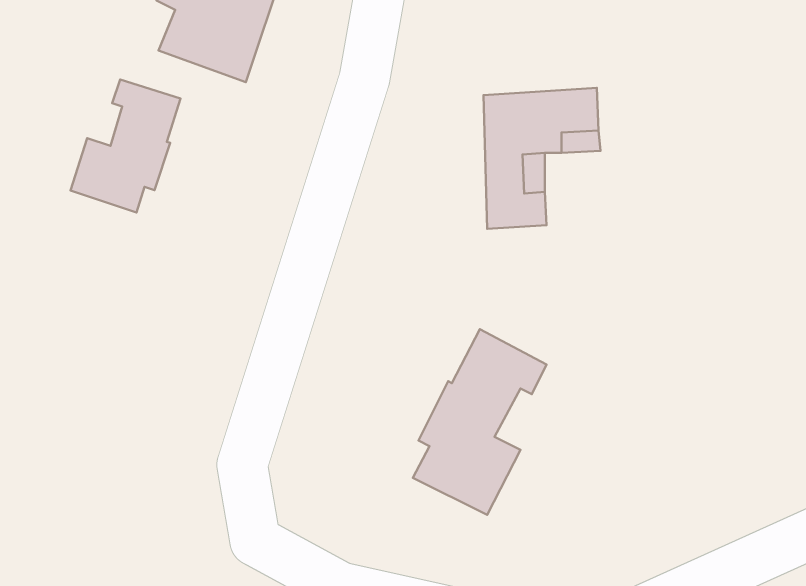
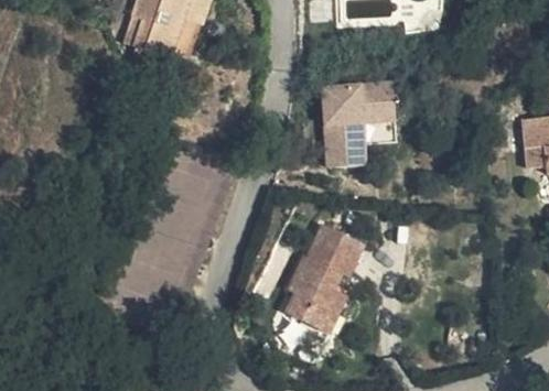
building: [71,80,181,212] -> none

